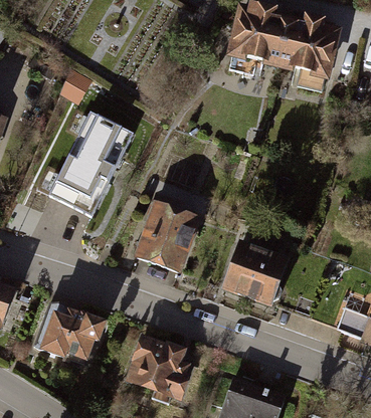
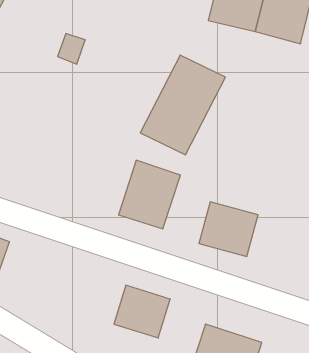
building: [41,112,134,220] -> [140,55,225,155]
building: [37,304,106,364] -> none

